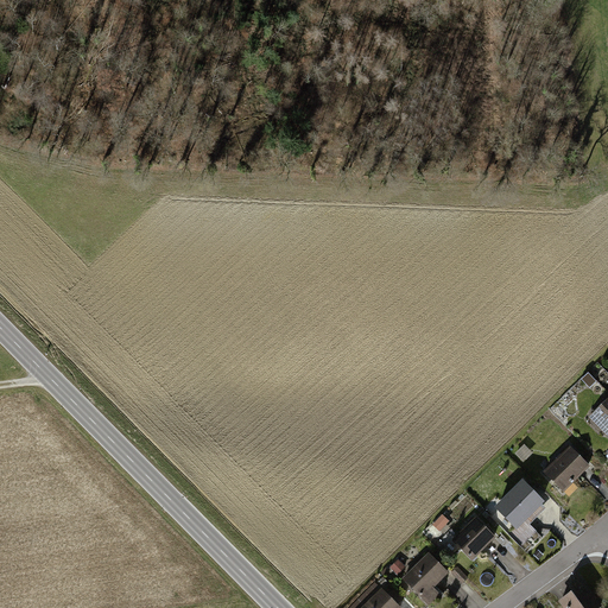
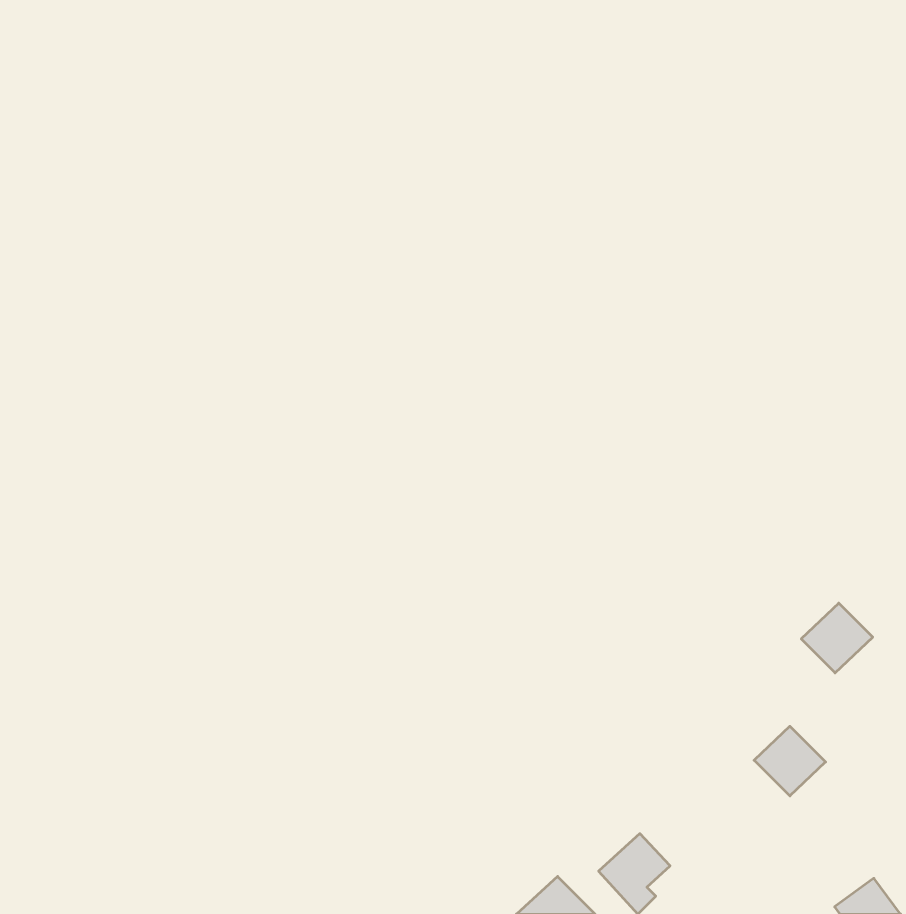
building: [546,444,594,490] -> [801,603,873,673]
building: [448,518,493,562] -> none

